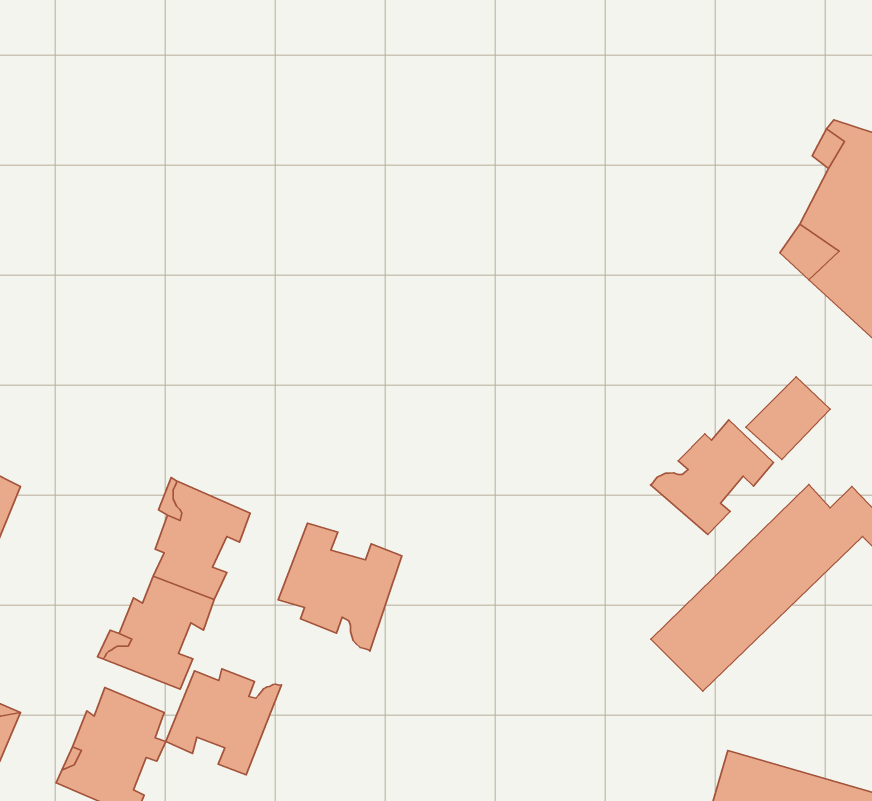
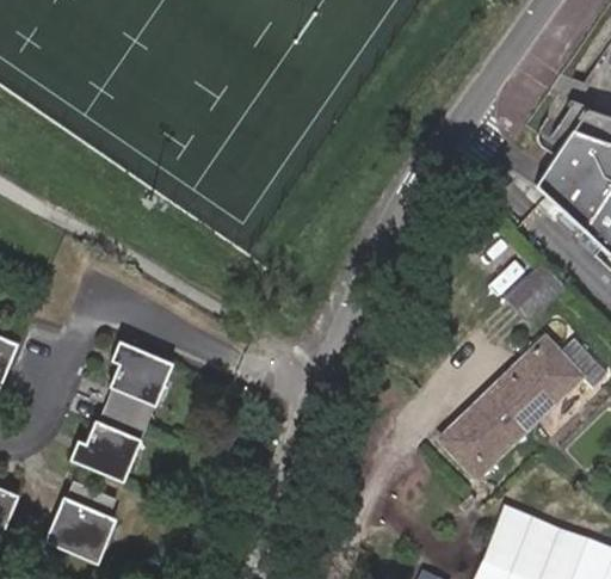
building: [650,420,773,534] -> none
building: [278,523,402,651] -> none
building: [166,669,282,775] -> none

